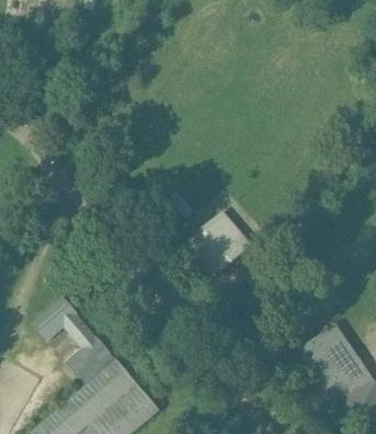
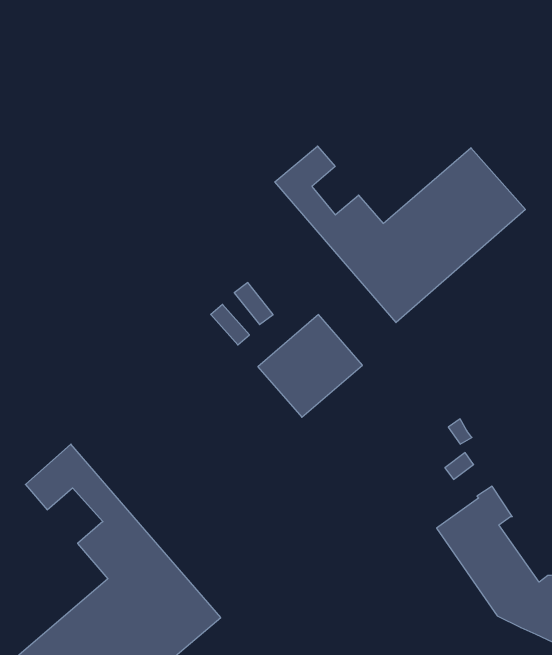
building: none -> [275,146,525,323]

